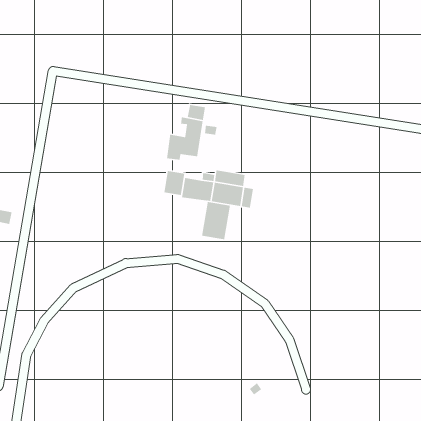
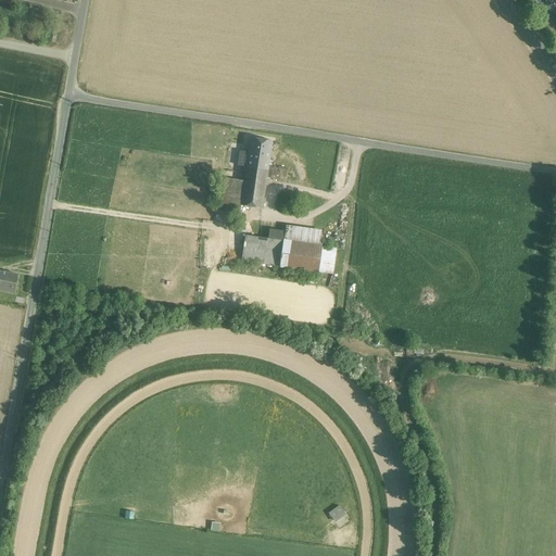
building: [163,170,185,196] -> none
building: [201,201,231,240] -> none

